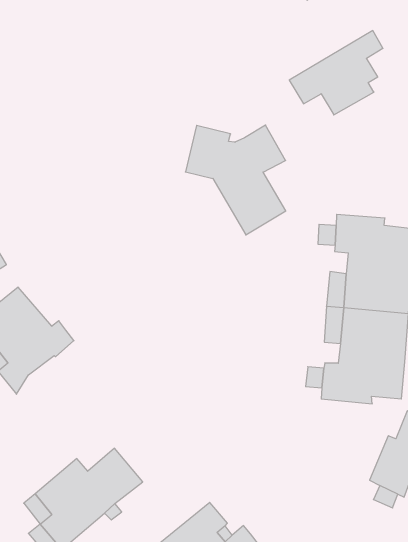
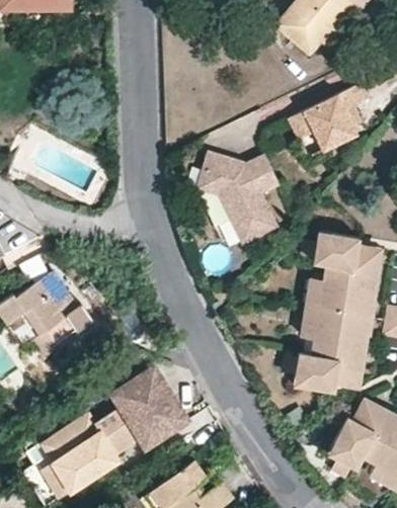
building: none -> [111,370,191,448]

